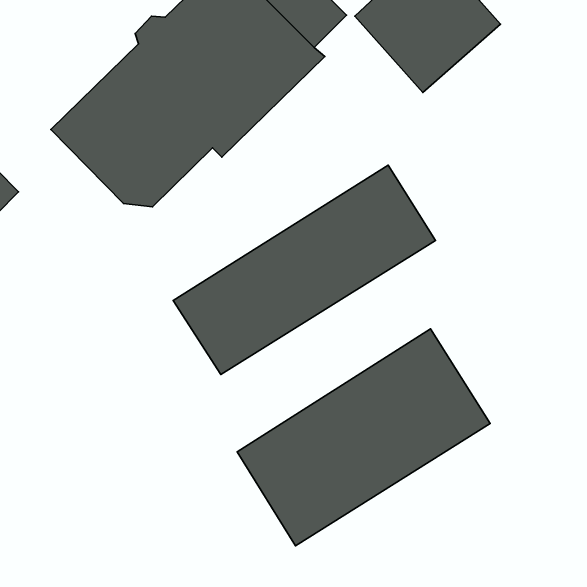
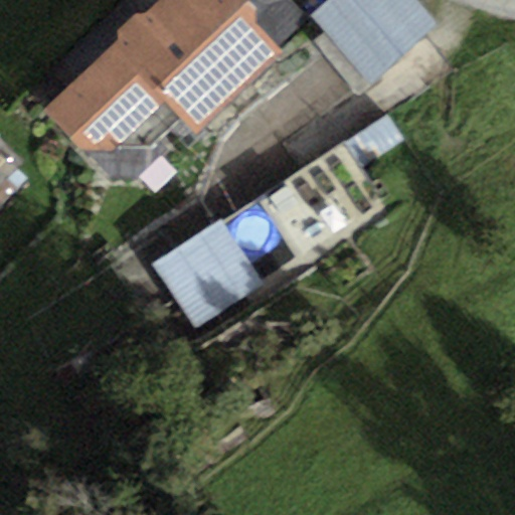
building: [237,329,490,546] -> none

